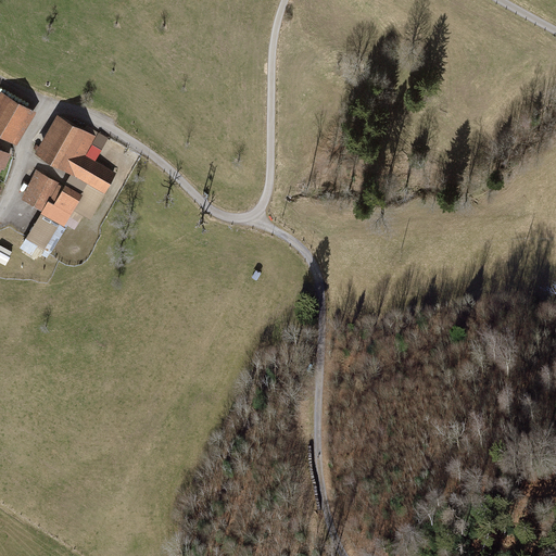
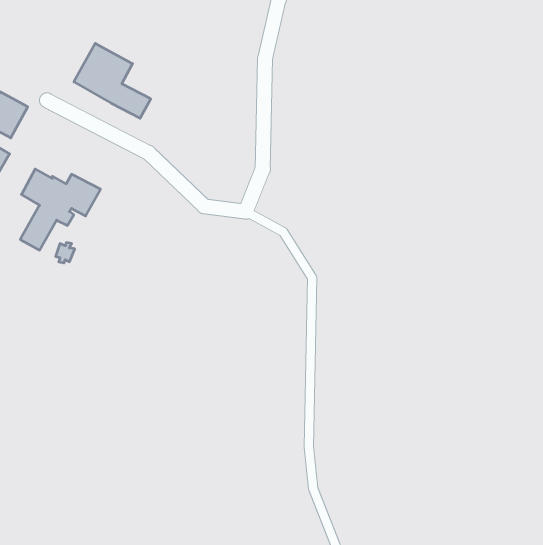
building: [35,116,113,192] -> [74,43,151,118]

